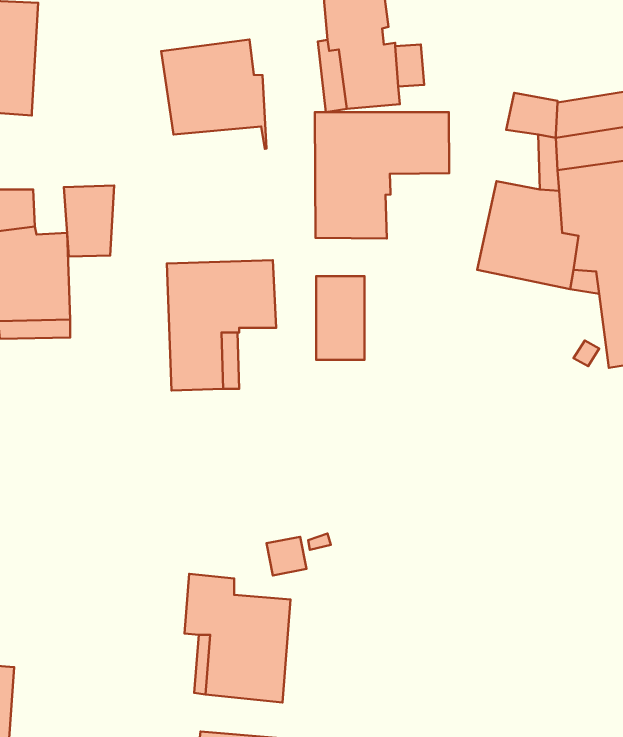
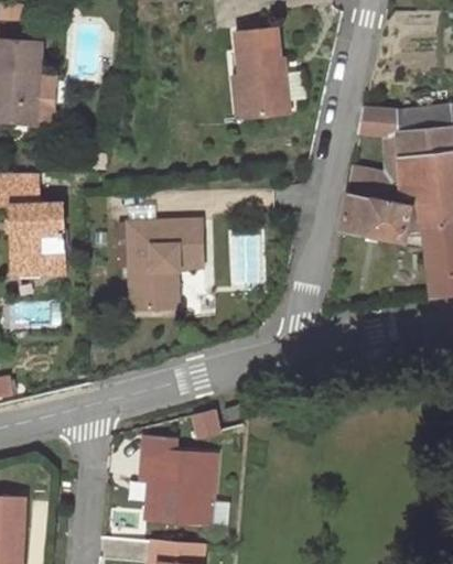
building: [161,39,266,149] -> none
building: [315,112,449,239] -> none
building: [64,185,114,257] -> none

